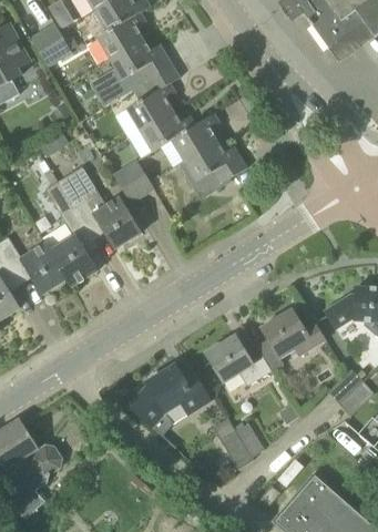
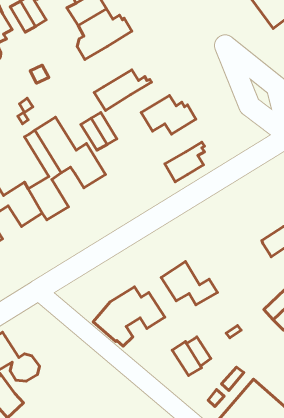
building: [125,64,180,130] -> none
building: [171,113,217,160] -> [165,142,205,182]
building: [257,308,326,371] -> none

